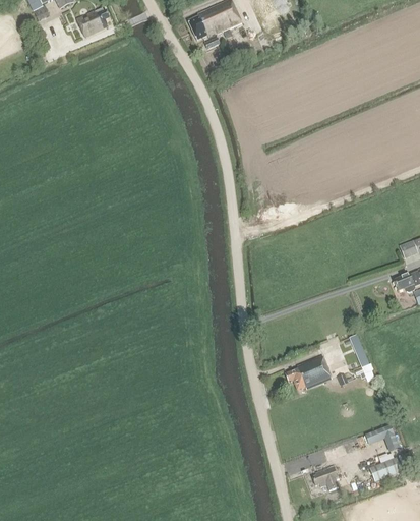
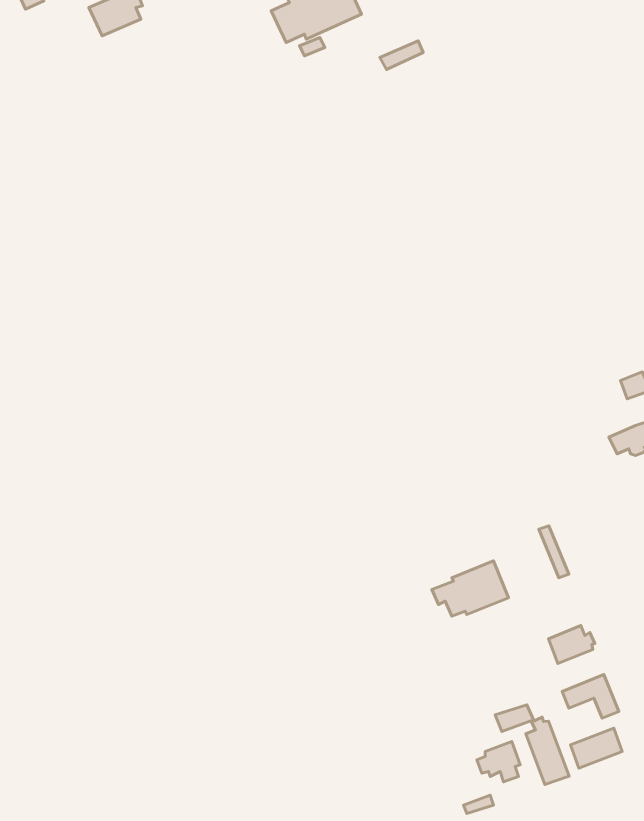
building: none -> [549,626,595,663]
building: none -> [526,717,569,784]

